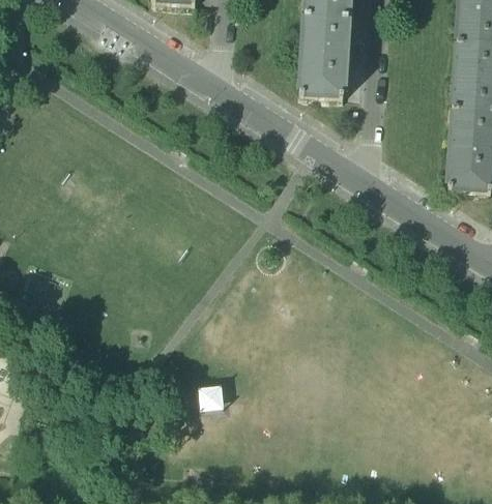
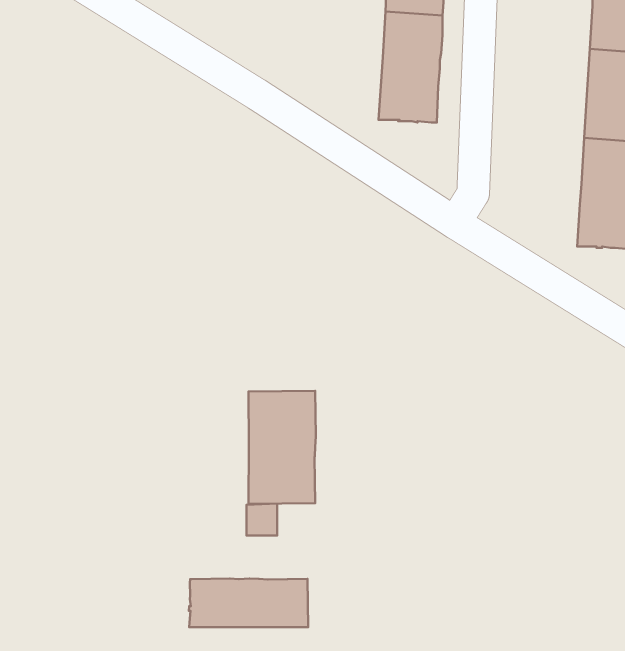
building: none -> [249,391,316,504]
building: none -> [189,578,308,627]

